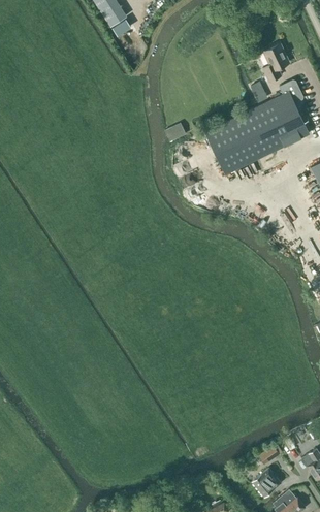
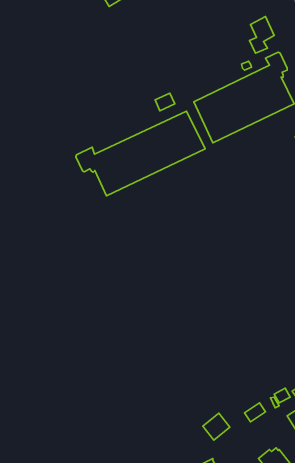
building: none -> [76,111,205,196]
building: [252,469,280,497] -> [203,413,230,440]

